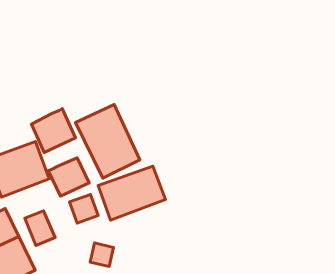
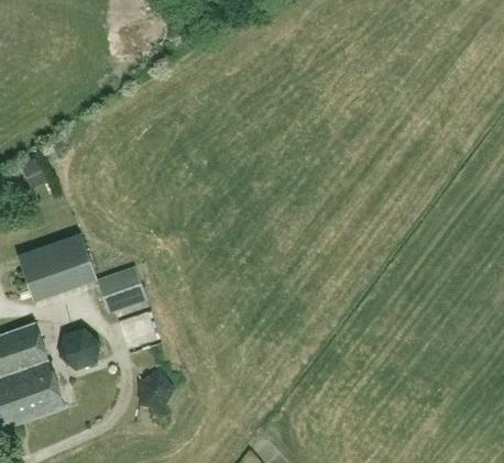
building: [76,105,140,178] -> none
building: [32,109,76,153] -> none
building: [98,166,166,220] -> none

